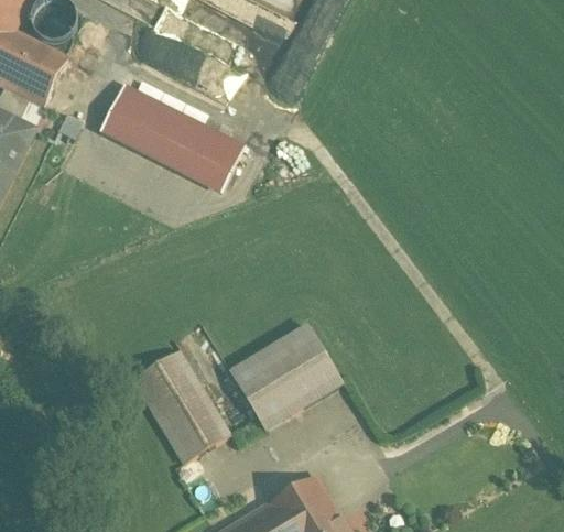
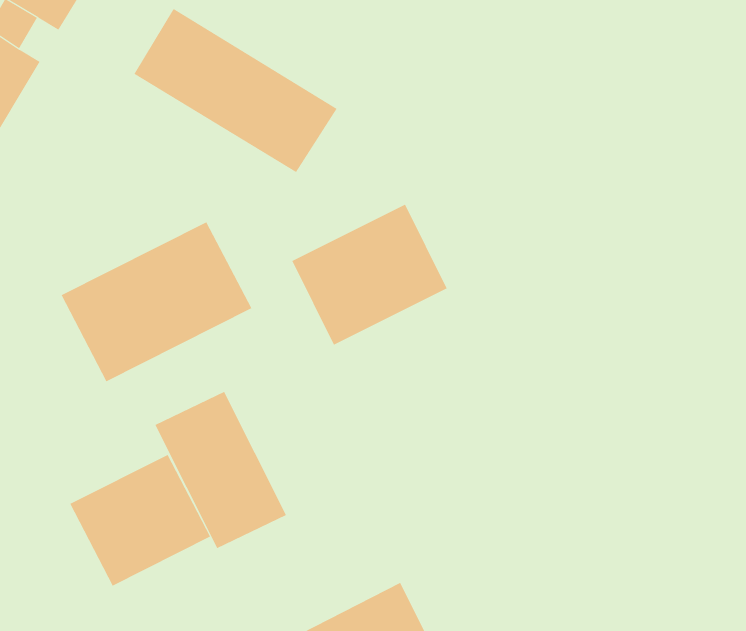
building: none -> [61,221,252,382]
building: [229,325,340,428] -> [292,204,447,345]
building: none -> [70,454,211,586]

